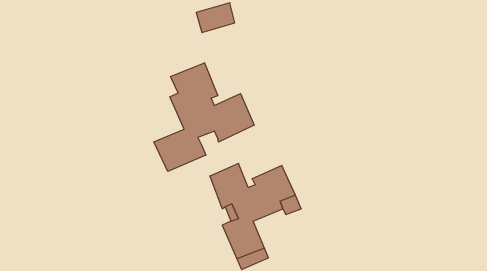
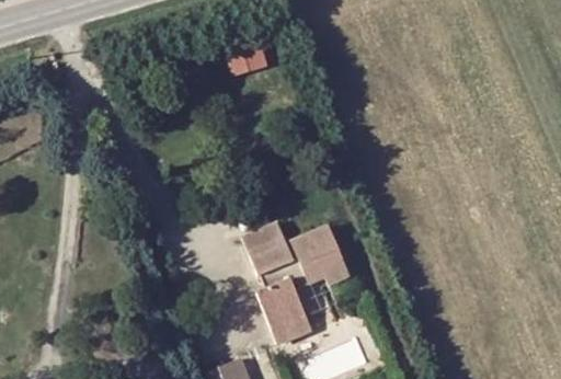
building: [154,63,254,171] -> none

